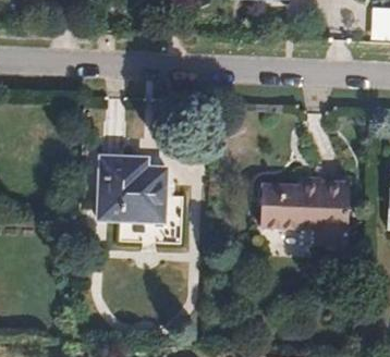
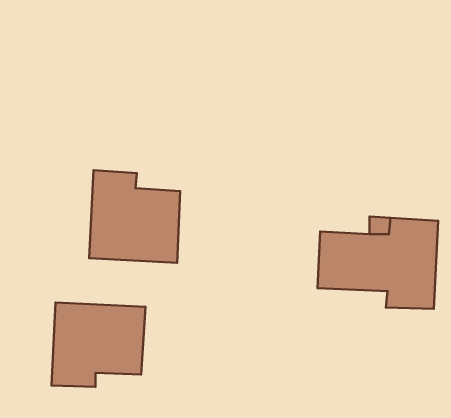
building: none -> [51,302,145,387]

